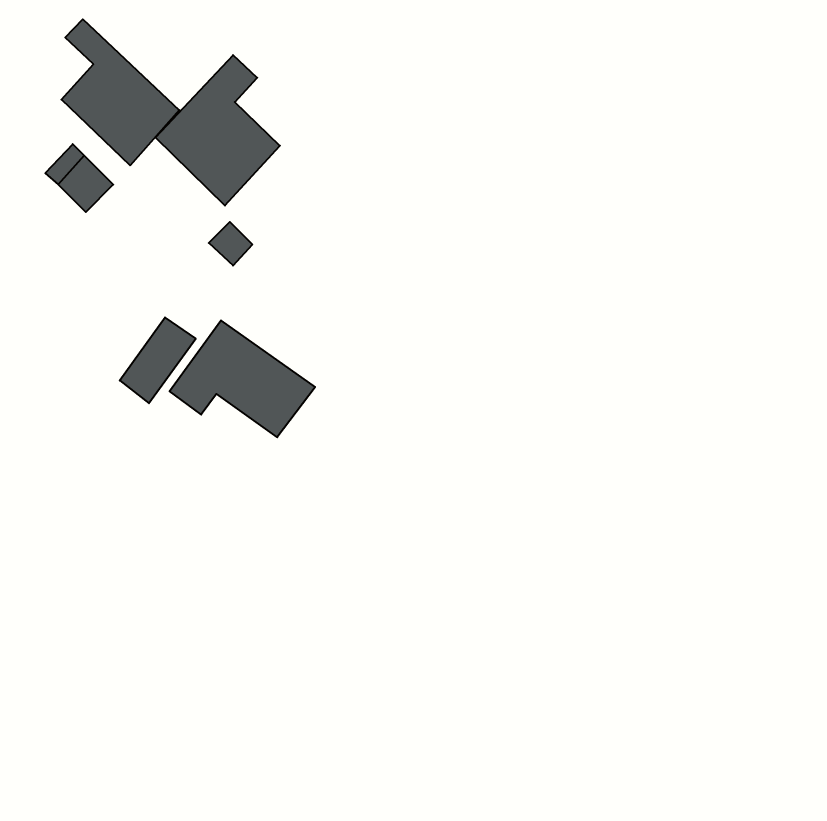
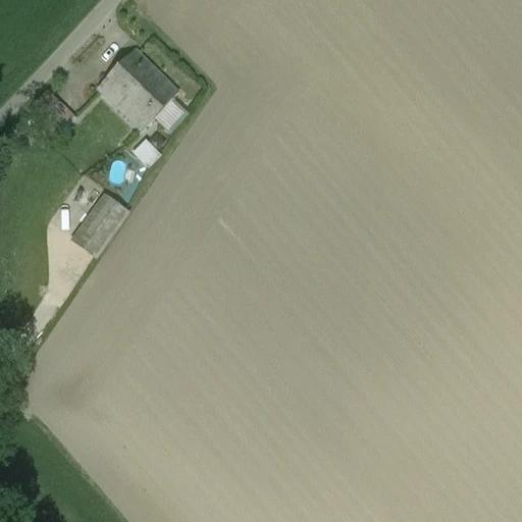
building: [61,19,179,165] -> none
building: [170,320,315,437] -> none

